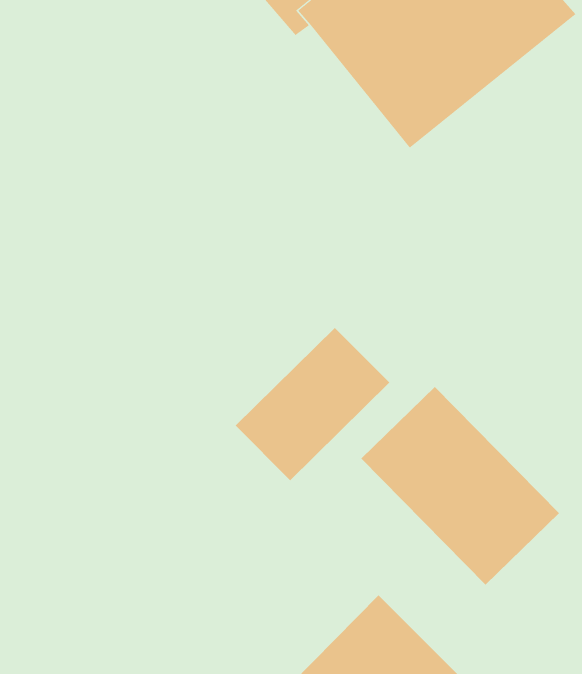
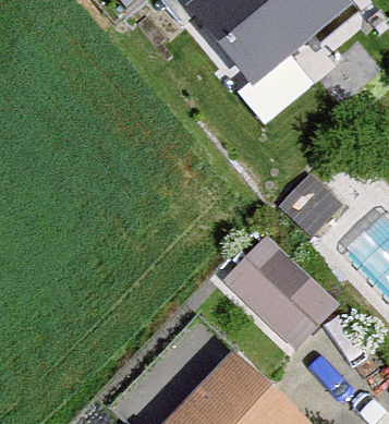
building: [235,327,390,481] -> none

